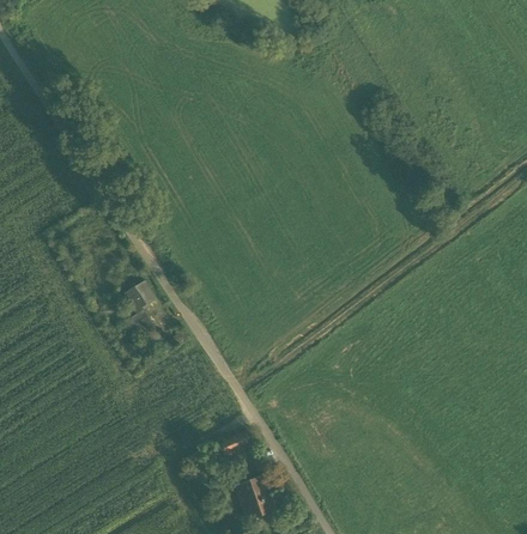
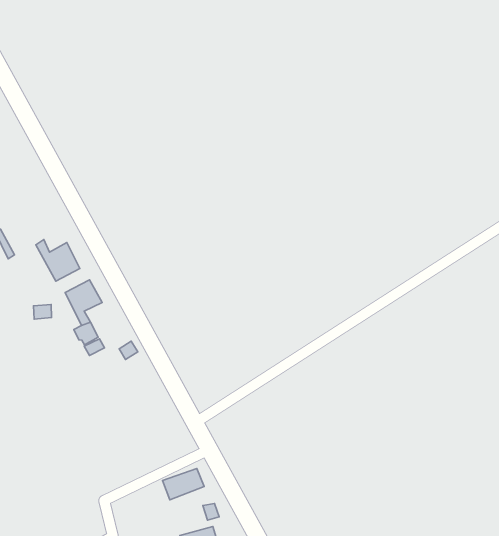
building: none -> [36,239,80,281]

